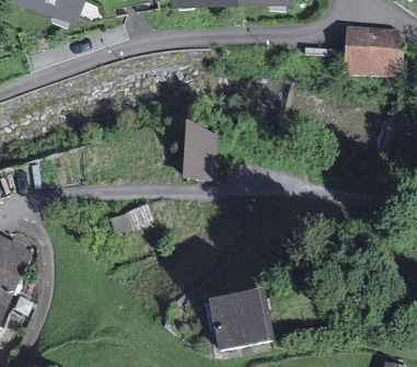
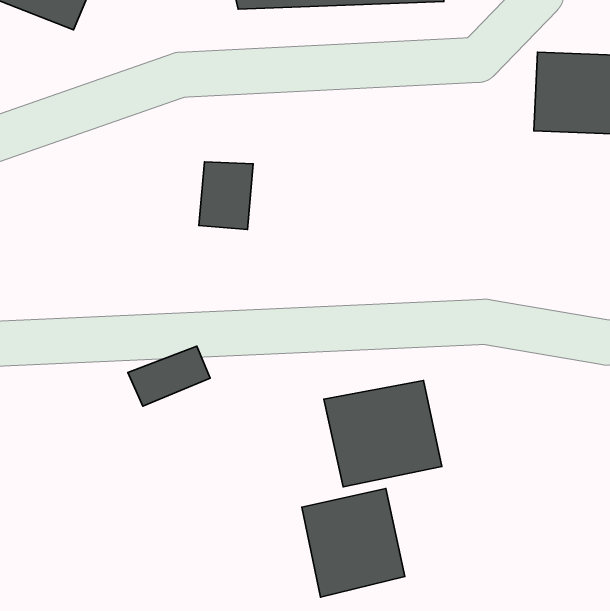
building: [185,140,217,180] -> [199,162,253,229]
building: none -> [324,380,442,487]

